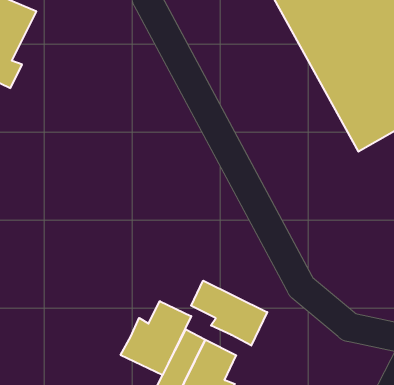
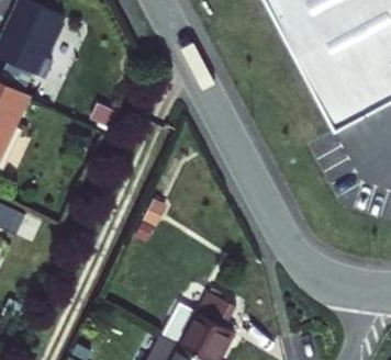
building: [191,281,267,346] -> none
building: [121,301,191,375] -> none

